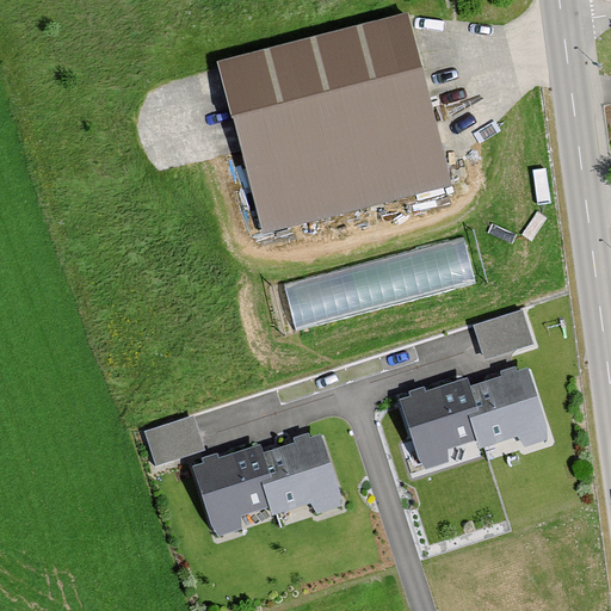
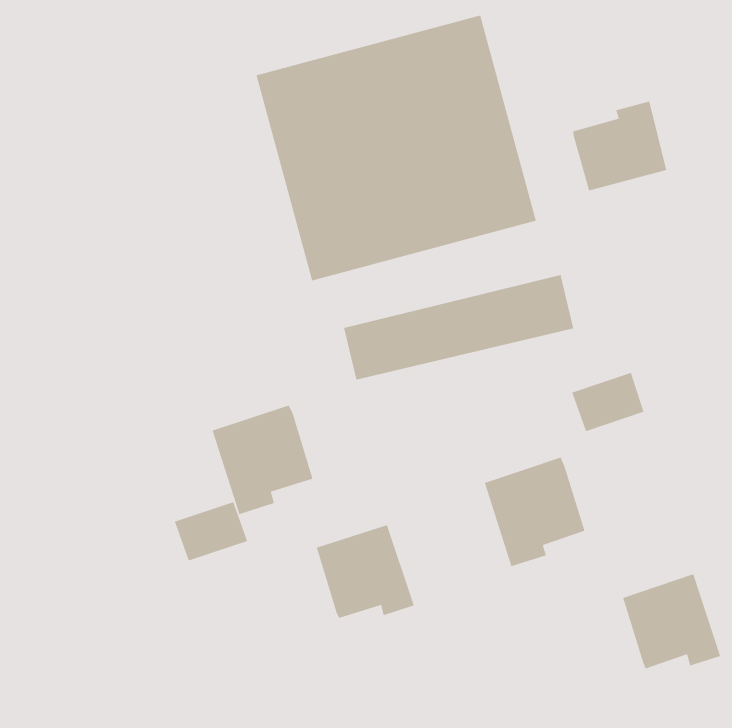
building: none -> [572,101,667,192]
building: [470,368,553,448] -> [622,573,721,669]
building: [195,448,279,539] -> [212,404,314,515]

